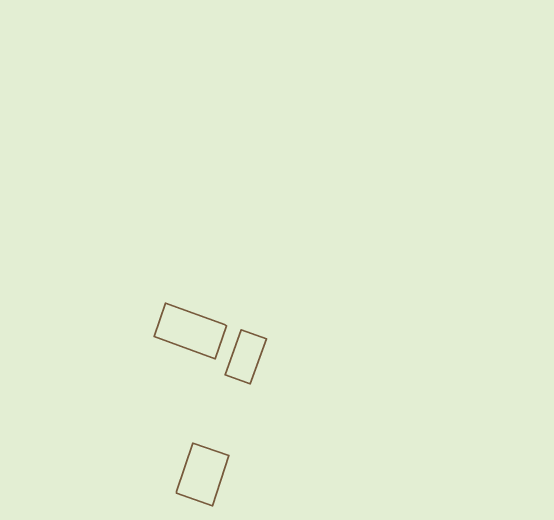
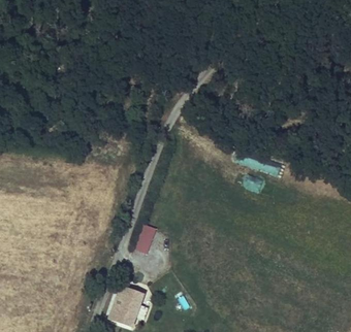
building: [154,303,226,359] -> none

